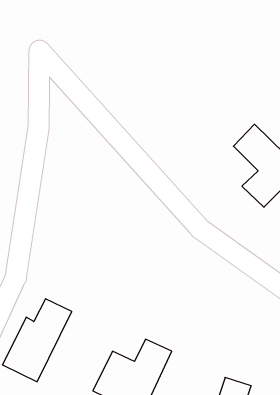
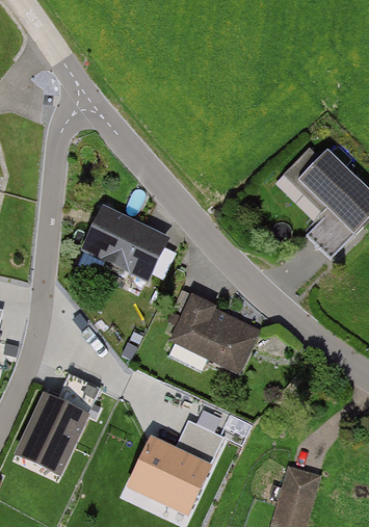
building: none -> [79,200,168,276]
building: none -> [166,296,260,376]

